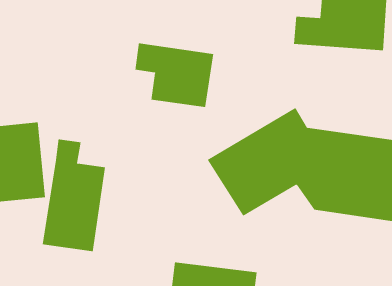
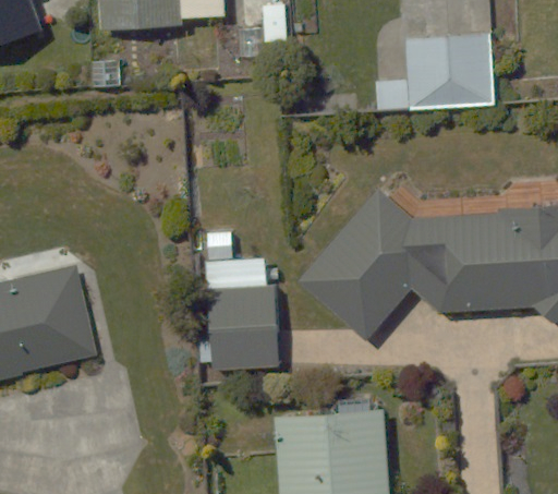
building: [135,42,214,108] -> none
building: [42,139,106,252] -> [206,230,276,368]

